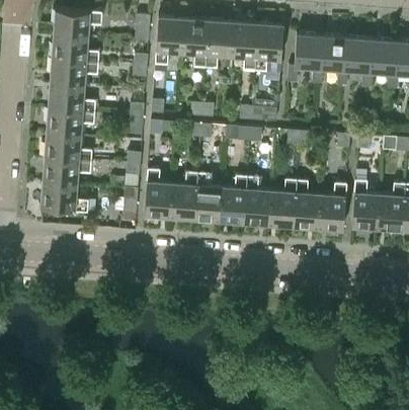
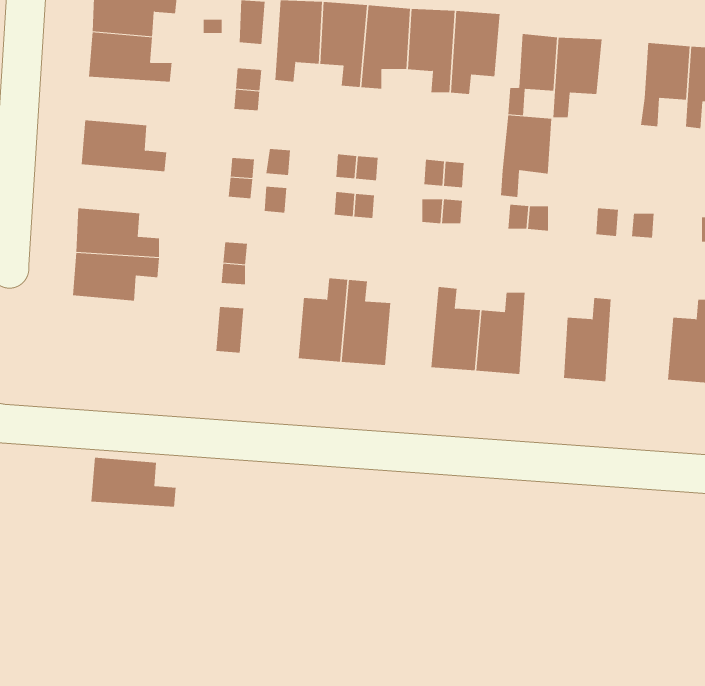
building: [338,37,367,84] -> [500,115,552,197]
building: [50,59,98,86] -> none
building: [46,108,95,136] -> none
building: [146,169,173,218] -> none
building: [220,176,249,223] -> none
building: [296,180,322,229] -> none
building: [354,181,382,230] -> none
building: [40,182,89,211] -> [91,457,177,507]

